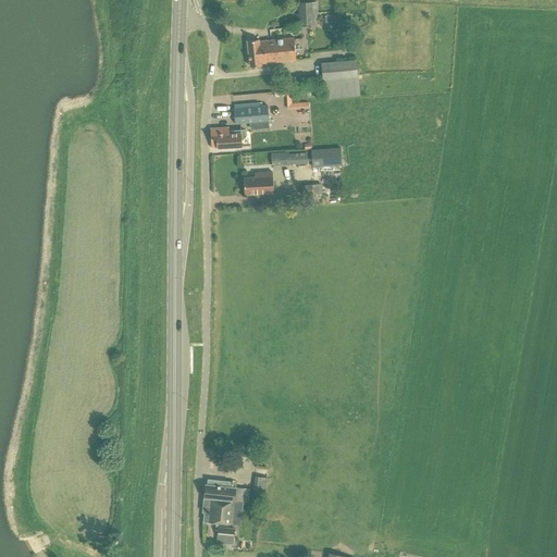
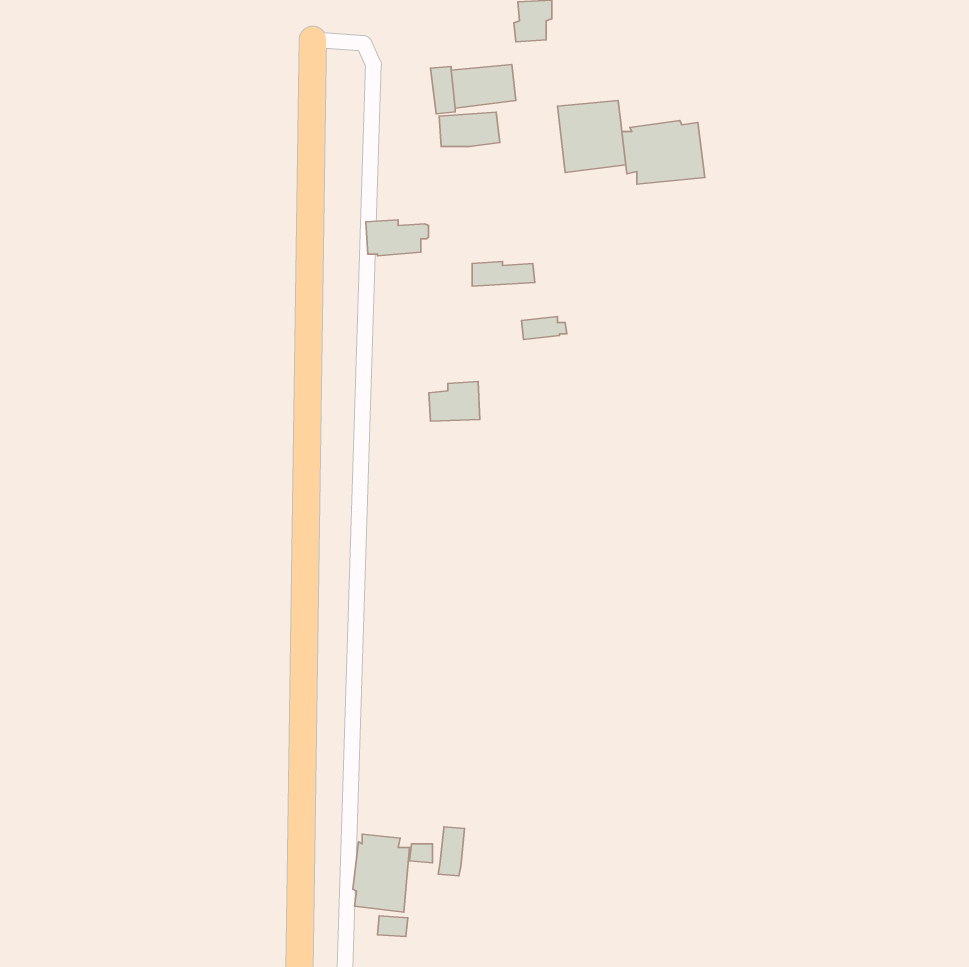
building: none -> [622,121,705,184]
building: [233,102,268,122] -> [439,112,500,146]
building: [311,147,342,166] -> none
building: [244,170,273,193] -> [429,382,480,421]

